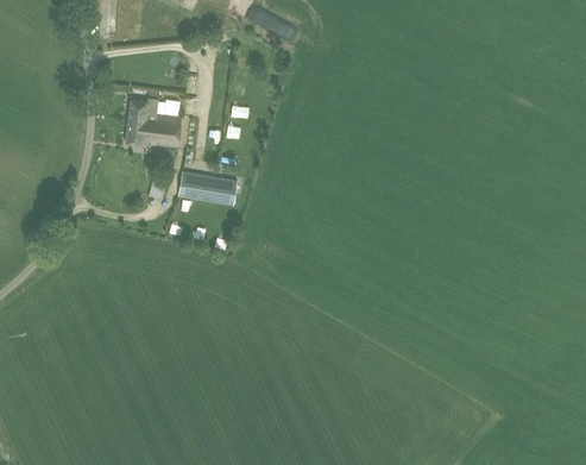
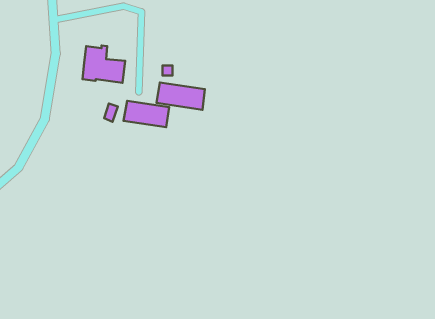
building: none -> [157,82,205,110]

